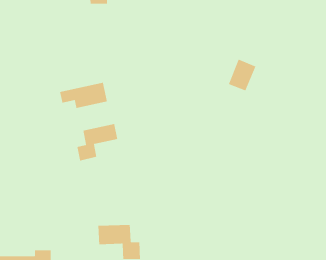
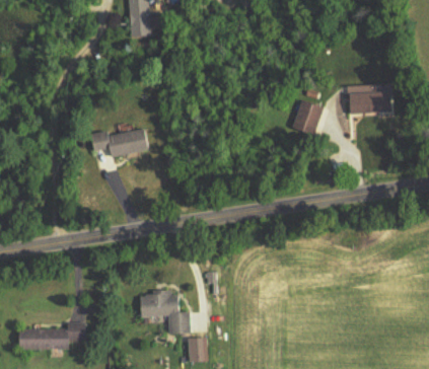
building: none -> [350,91,394,113]
building: [77,123,118,161] -> none

